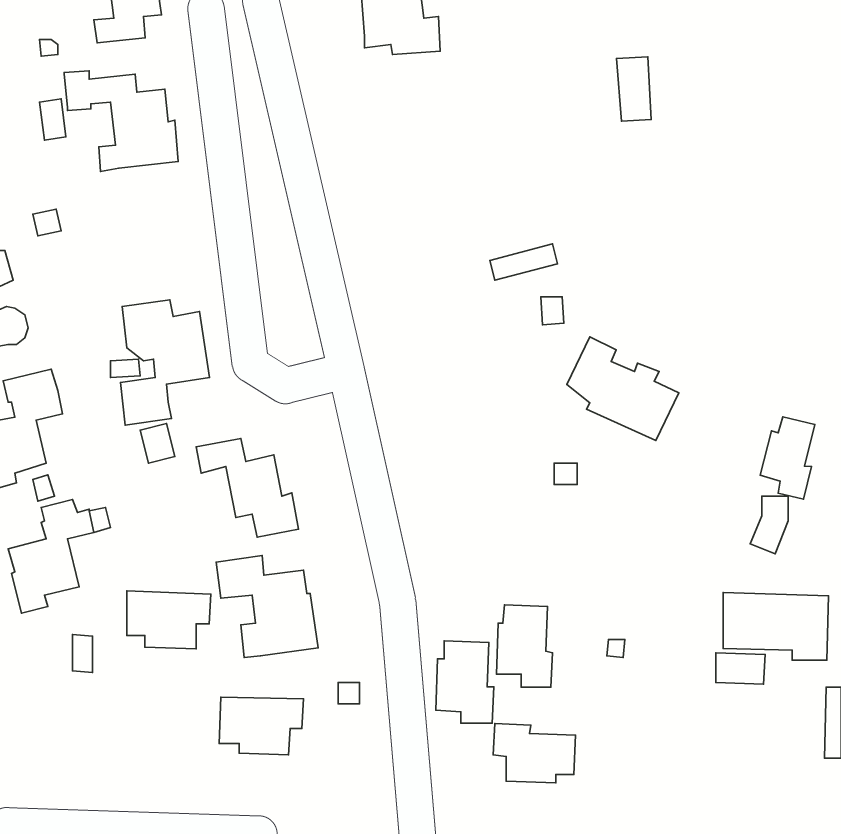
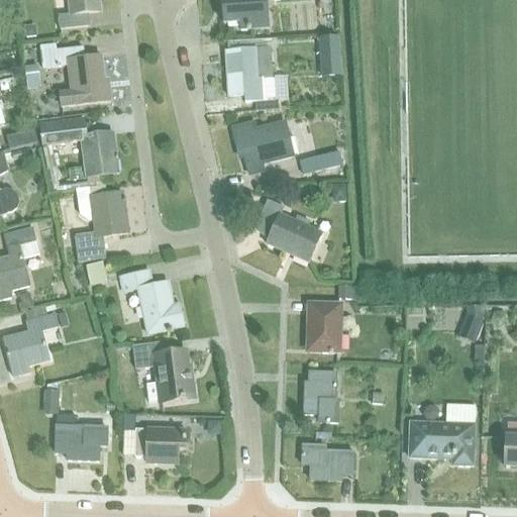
building: [617,57,651,121] -> [319,34,340,74]
building: none -> [225,46,275,101]
building: none -> [38,118,118,176]
building: none -> [232,120,293,173]
building: [567,337,679,441] -> [253,197,322,261]
building: [760,417,815,499] -> none
building: [127,591,211,649] -> [56,424,107,459]
building: [723,592,829,660] -> [409,422,474,463]
building: [436,641,494,723] -> [306,301,341,351]

